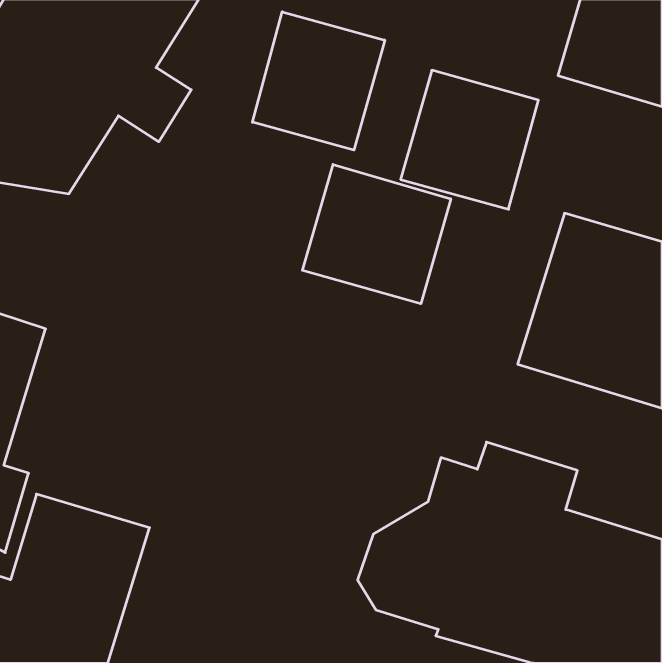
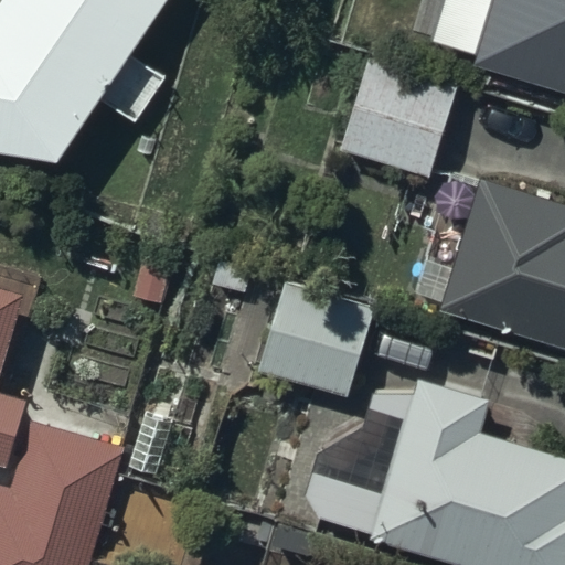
building: [252,12,385,150] -> none
building: [302,164,451,304] -> none
building: none -> [258,280,373,397]

